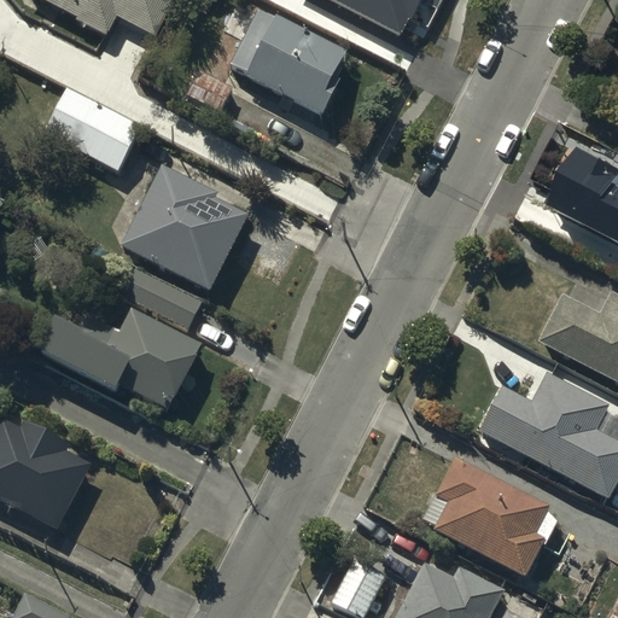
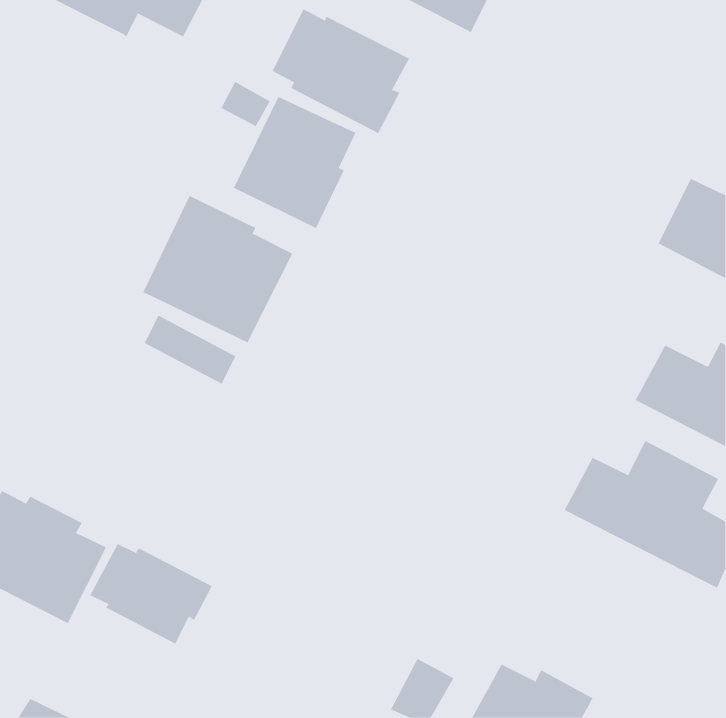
building: none -> [233,96,356,229]
building: [45,86,139,167] -> none
building: [39,309,200,409] -> none
building: [433,455,550,576] -> none
building: none -> [90,543,212,645]

